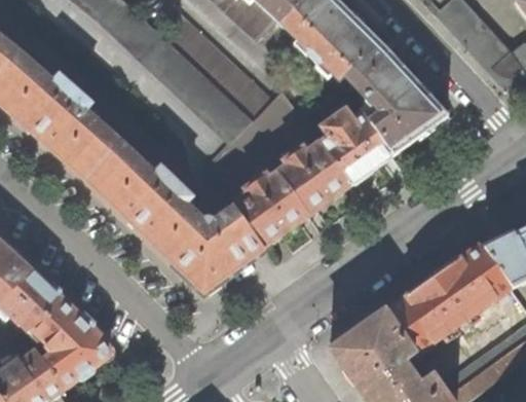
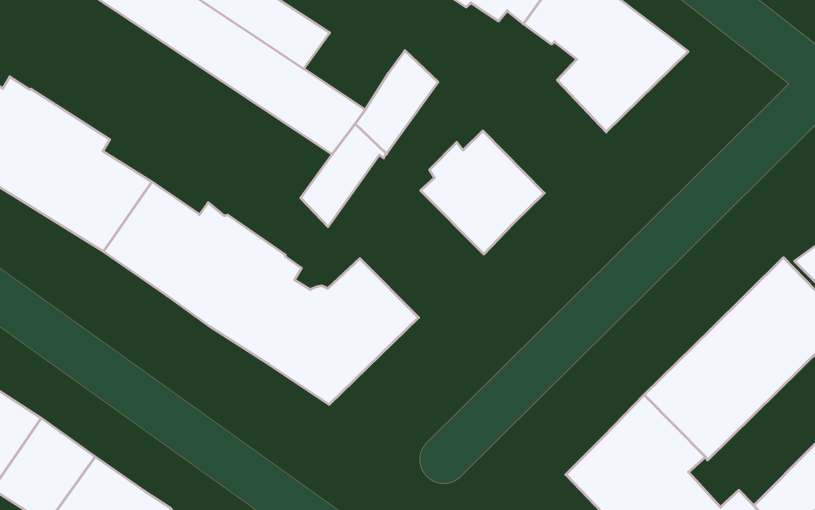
building: [220,69,269,117] -> none
building: [318,107,390,183] -> none
building: [232,170,307,244] -> none

